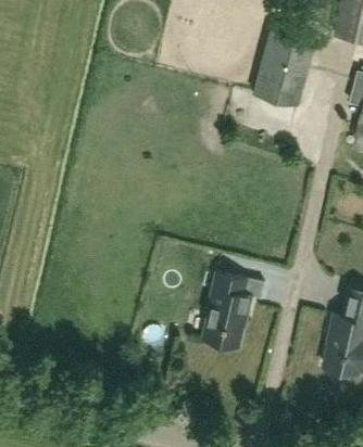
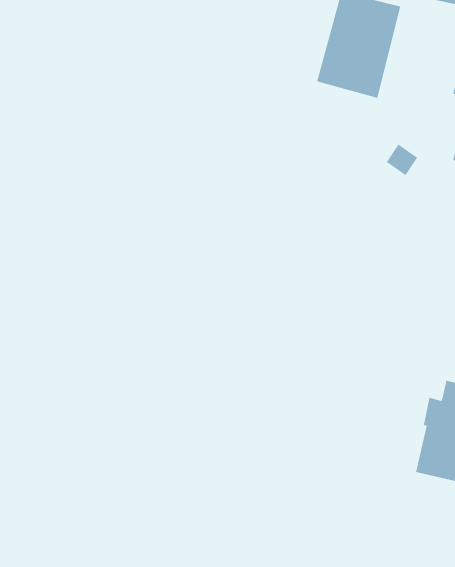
building: [202,272,264,346] -> none

